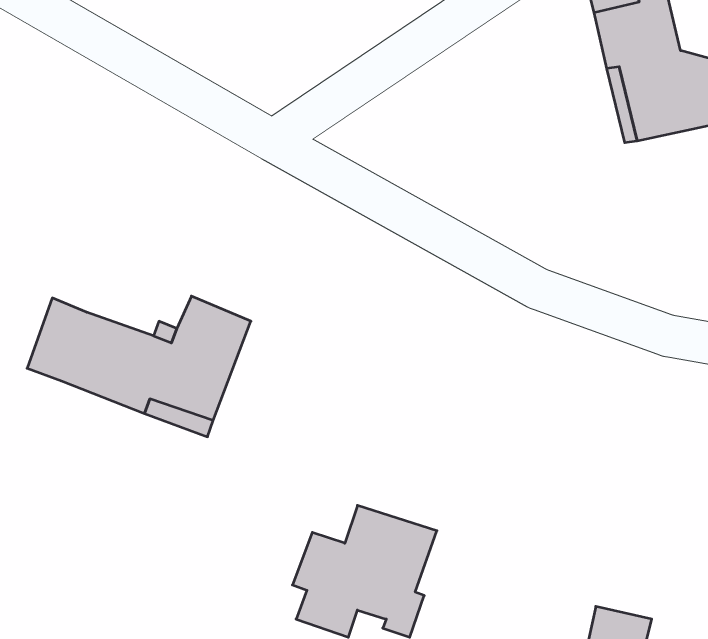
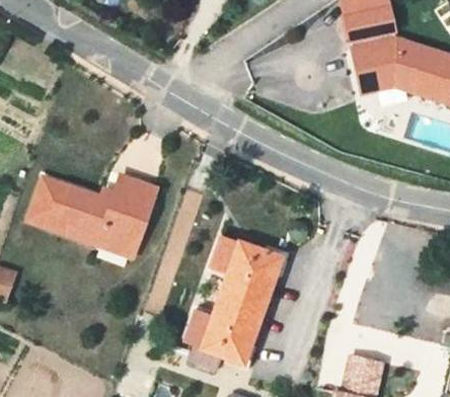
building: none -> [209,237,277,309]

